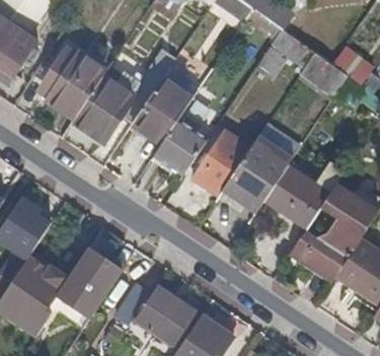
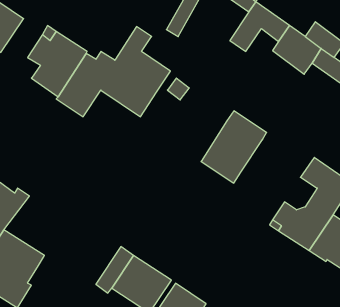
building: [152,117,207,174] -> none
building: [192,129,249,196] -> none
building: [263,165,344,229] -> none
building: [57,247,121,317] -> none

